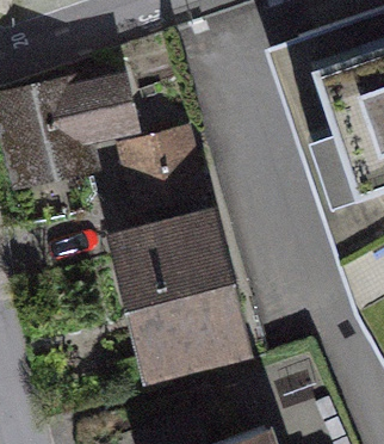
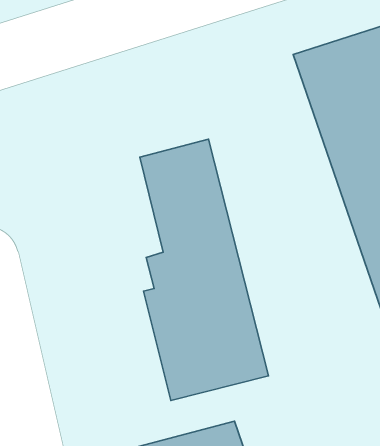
building: [23,90,149,191] -> none

